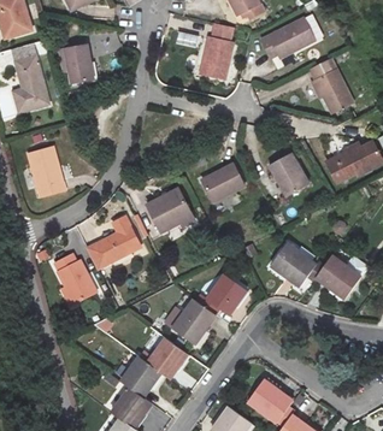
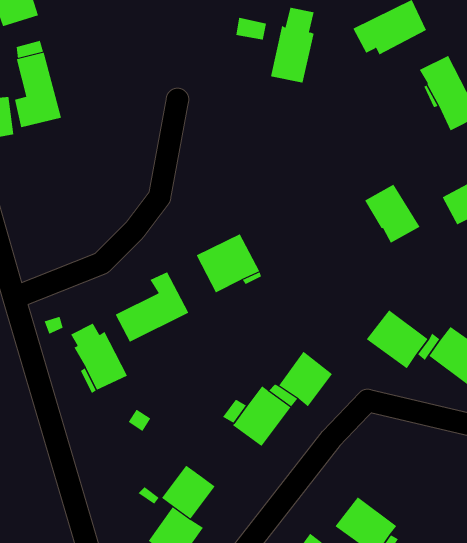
building: [64,43,94,82] -> none
building: [28,146,65,196] -> none
building: [201,163,244,201] -> none
building: [147,337,187,378] -> none

